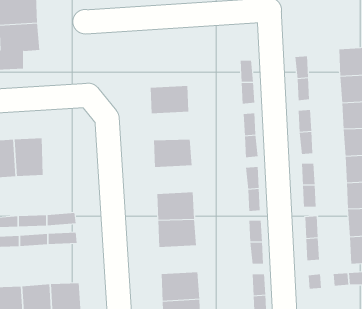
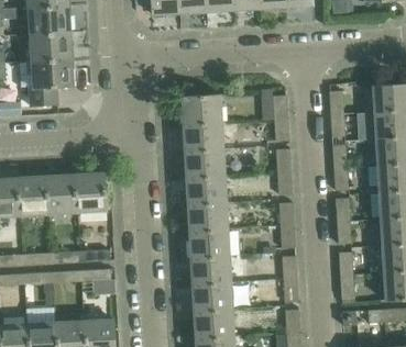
building: none -> [182,94,221,124]
building: none -> [184,148,223,177]
building: none -> [75,172,106,212]
building: none -> [187,202,227,231]
building: none -> [191,282,231,311]

